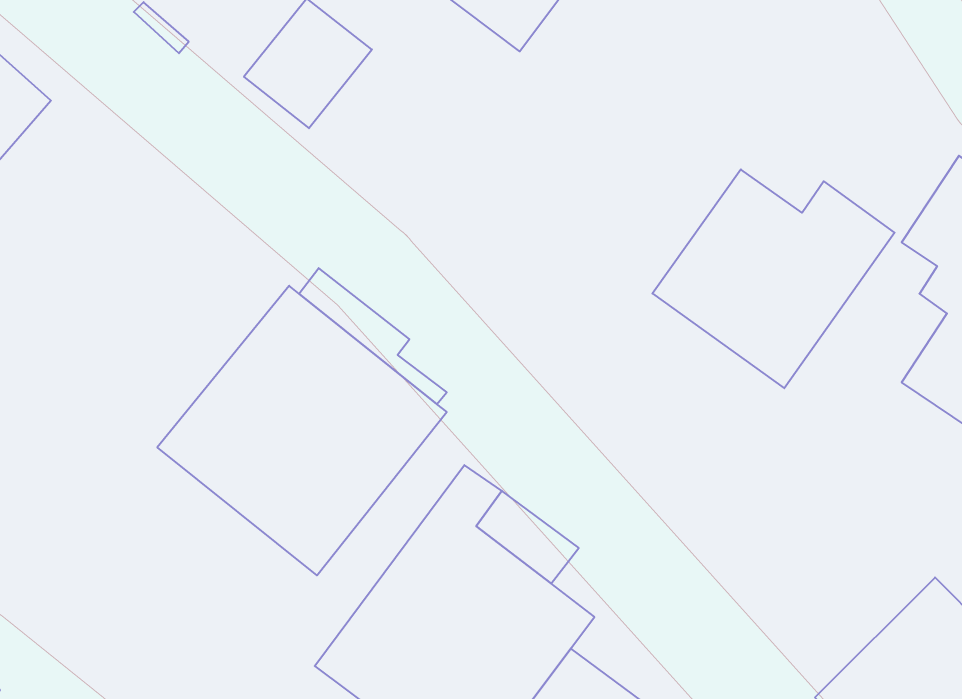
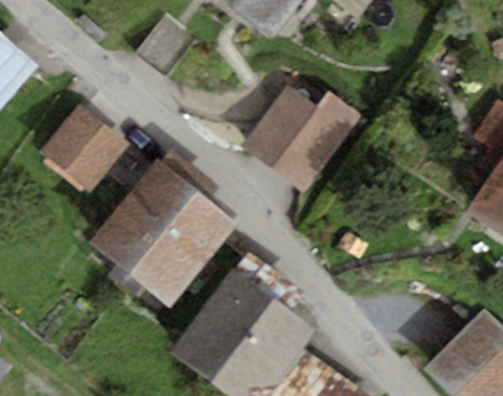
building: [652,169,895,388] -> [241,85,364,196]
building: none -> [40,105,129,194]

